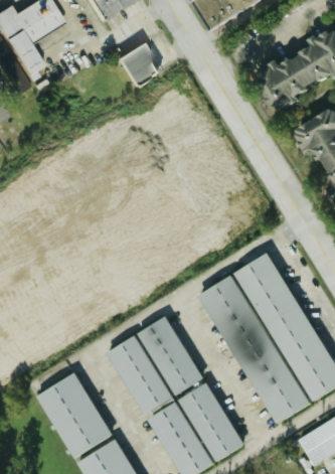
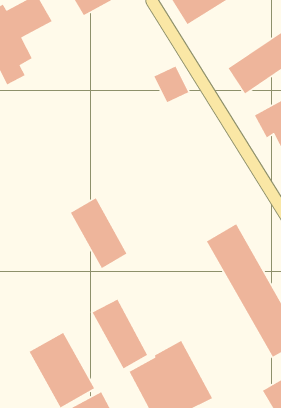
building: [117,43,157,86] -> [153,66,189,103]
building: [199,274,308,425] -> none
building: [138,315,202,396] -> [70,197,128,269]

